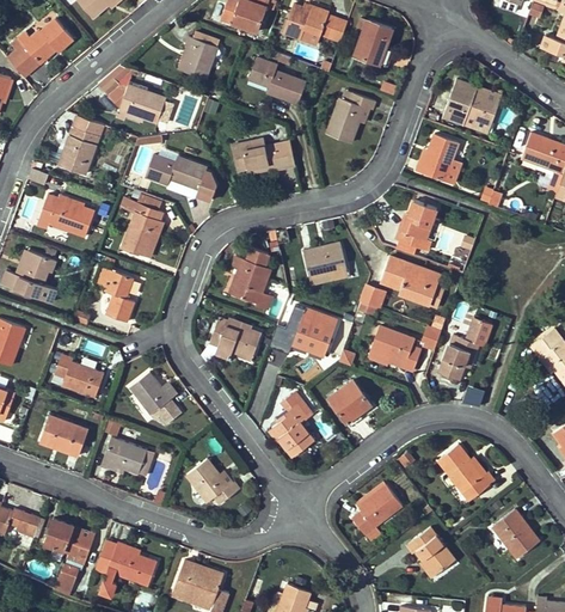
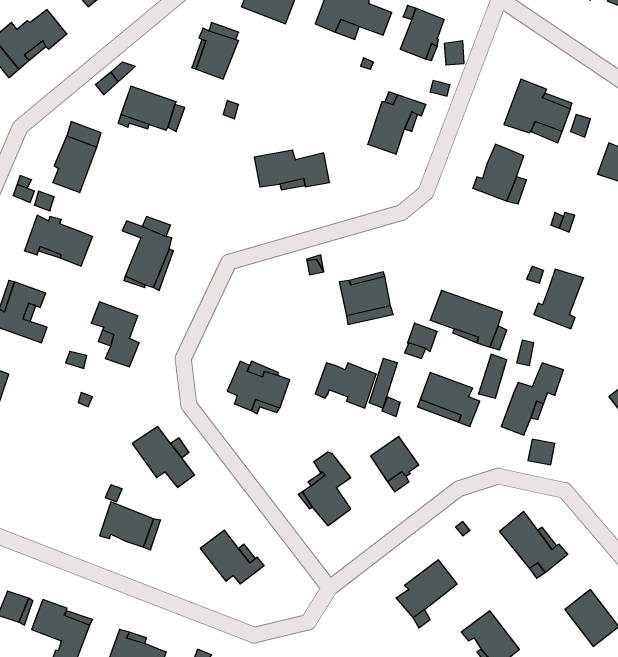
building: [248,57,305,103] -> none
building: [145,154,216,200] -> none
building: [394,201,436,251] -> [534,269,584,329]
building: [228,247,271,310] -> none
building: [53,353,104,398] -> none
building: [38,415,87,455] -> none

